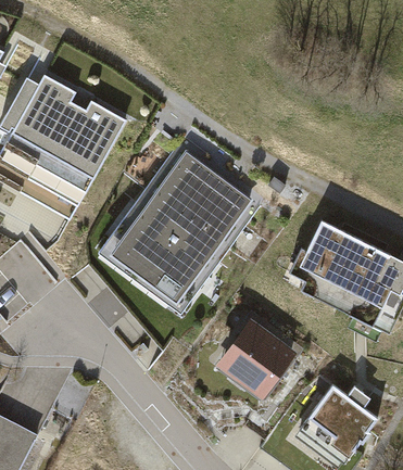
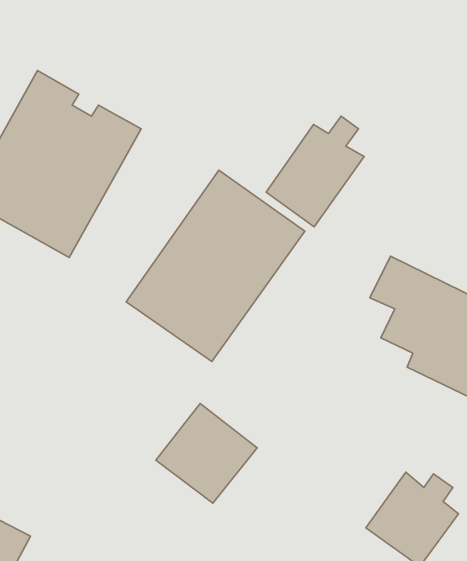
building: none -> [266,116,364,227]
building: [218,318,298,396] -> [156,404,257,503]

